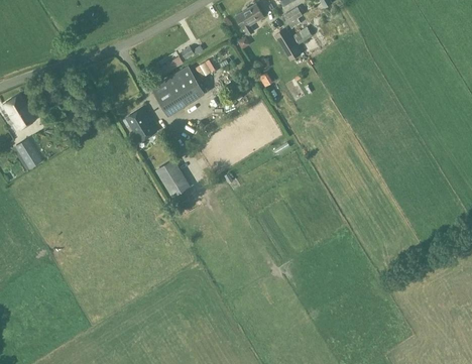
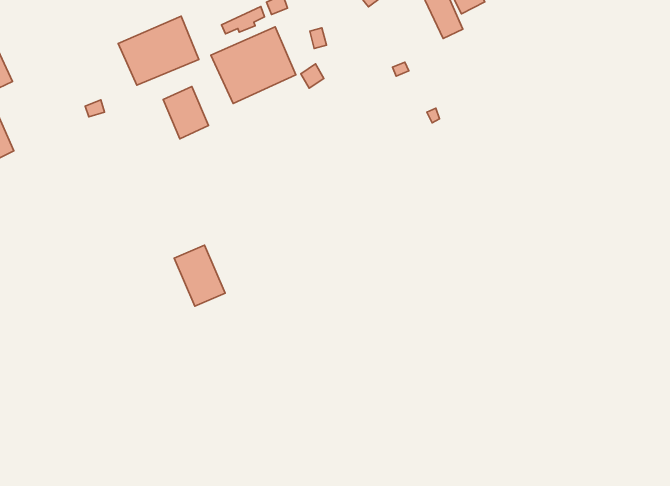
building: none -> [118,16,199,85]
building: [156,158,190,196] -> [174,245,225,306]

